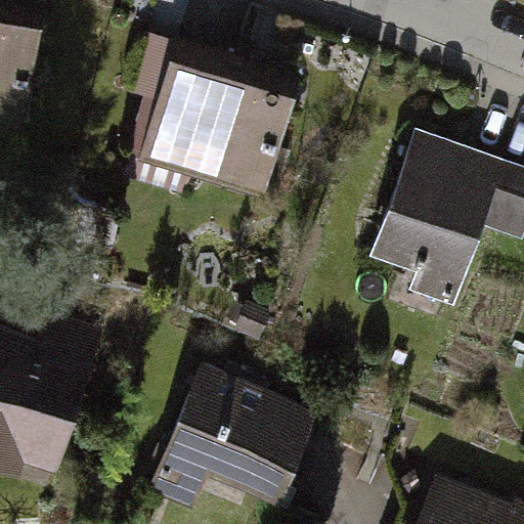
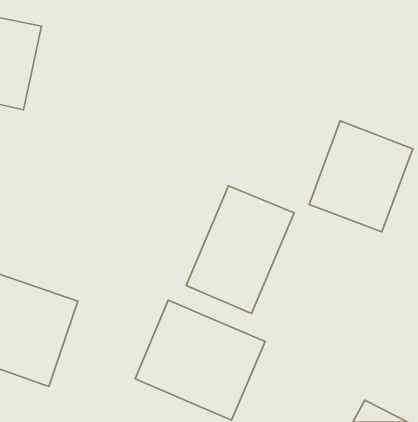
building: [149,66,288,192] -> none
building: none -> [186,186,294,314]

